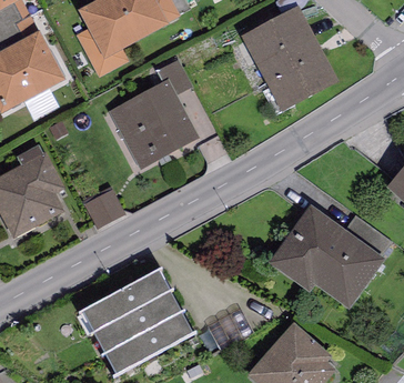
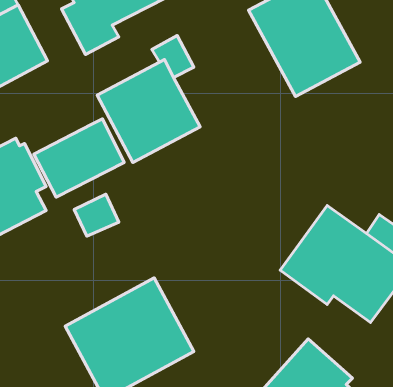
building: none -> [34,119,124,197]

